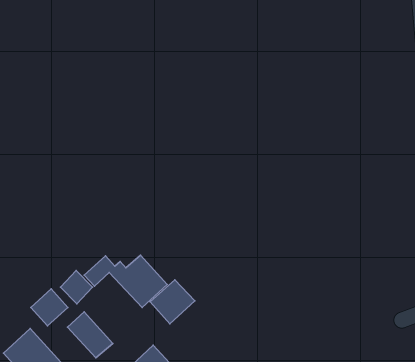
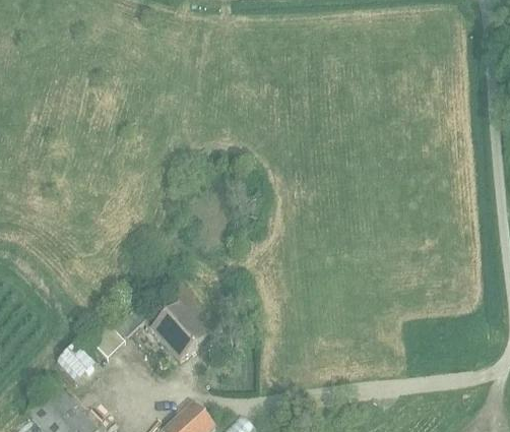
building: [150,280,195,324] -> none
building: [68,312,113,358] -> none

